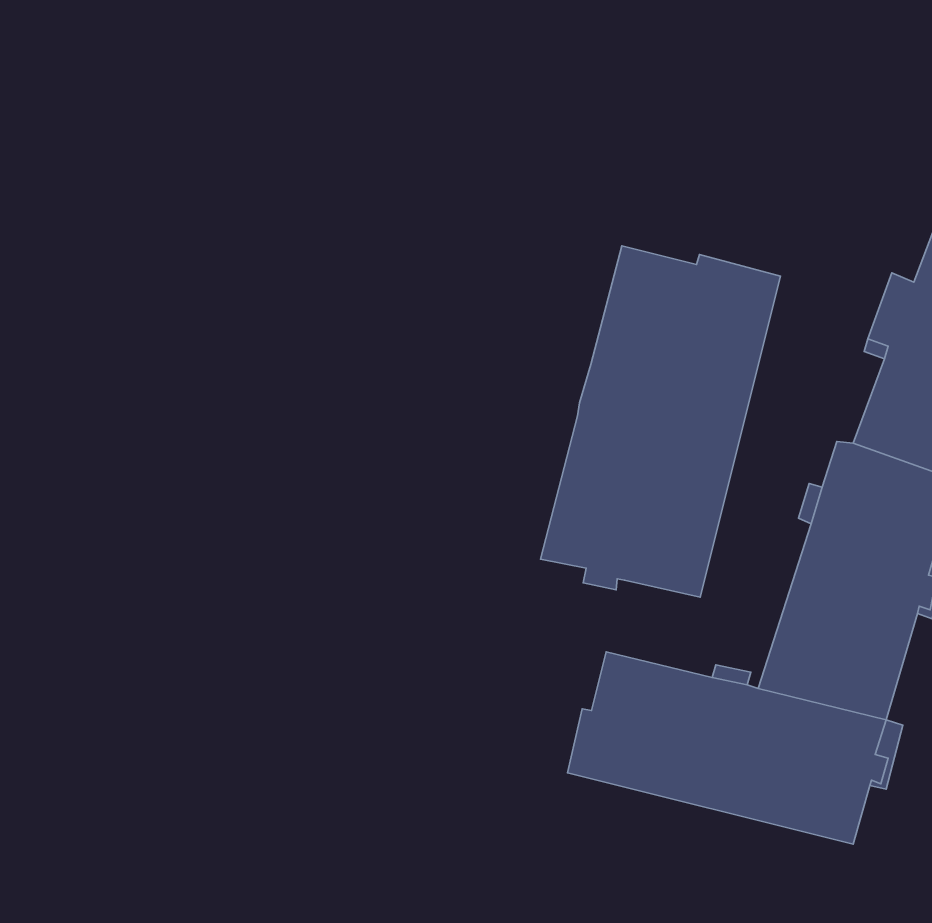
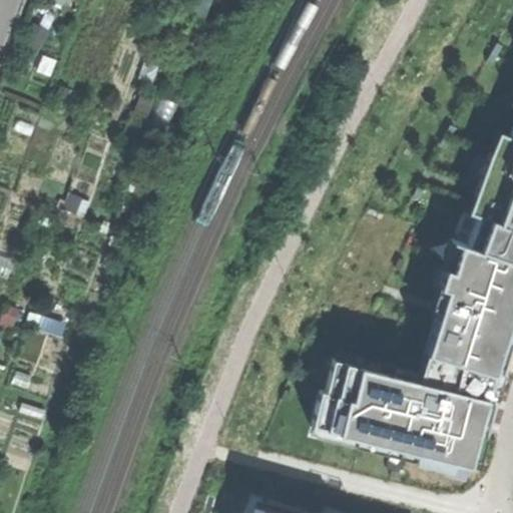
building: [541,246,781,597] -> none

